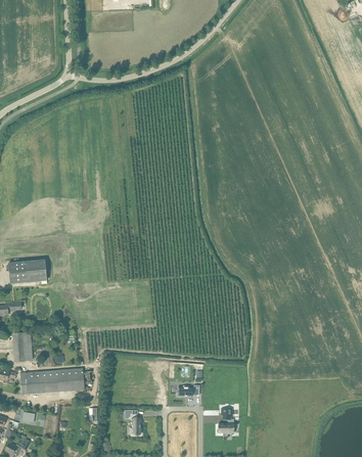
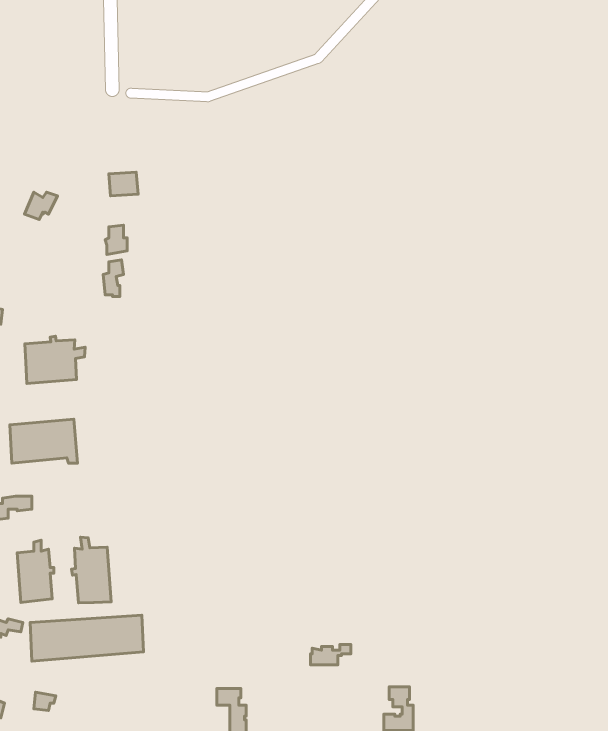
building: none -> [25,336,85,384]
building: none -> [72,537,111,603]

